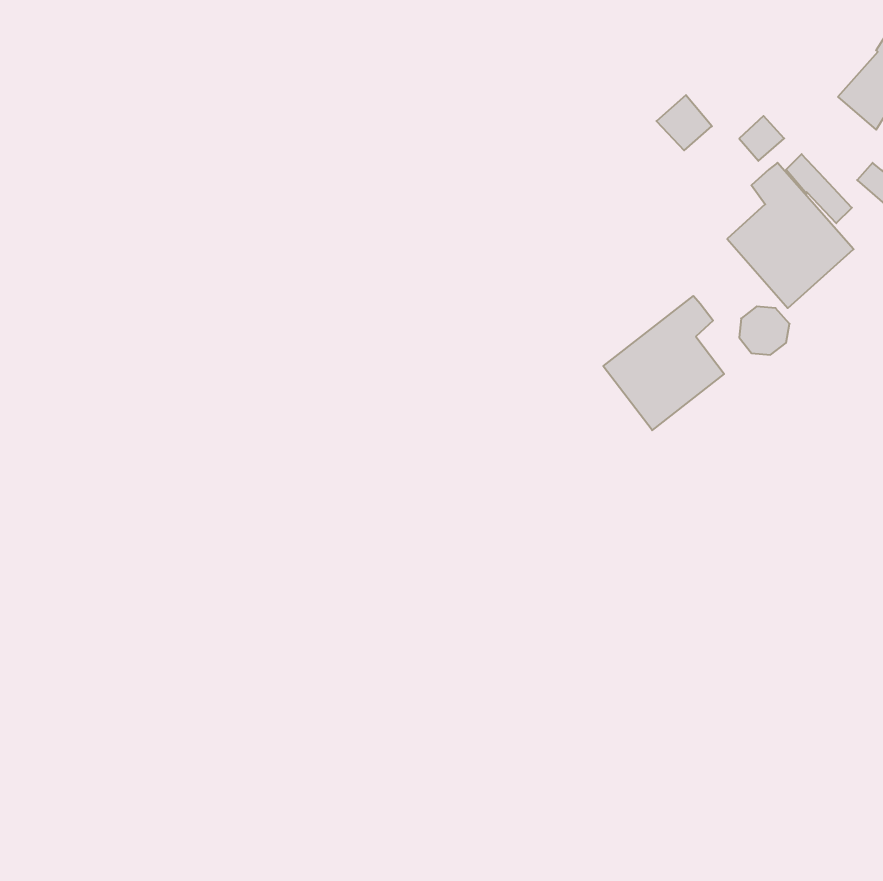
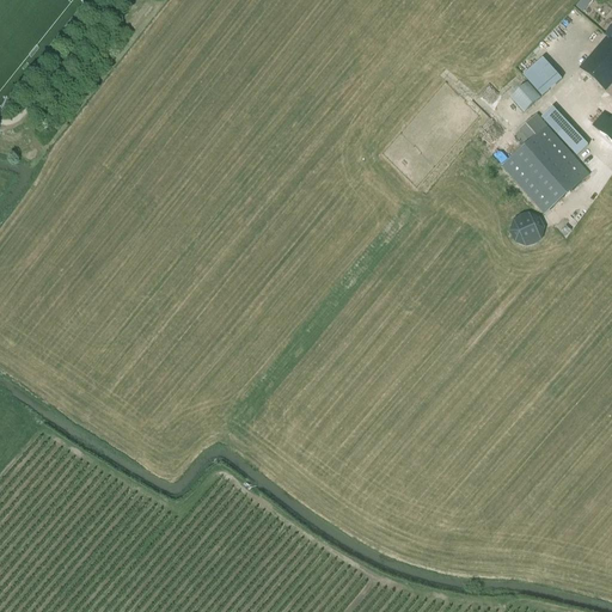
building: [656,95,712,150] -> [525,56,563,94]
building: [603,296,724,430] -> none

